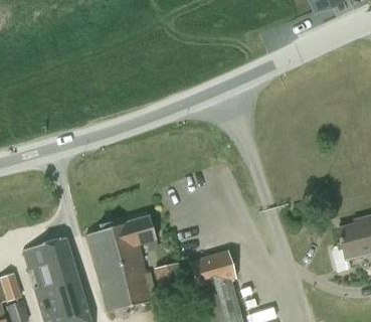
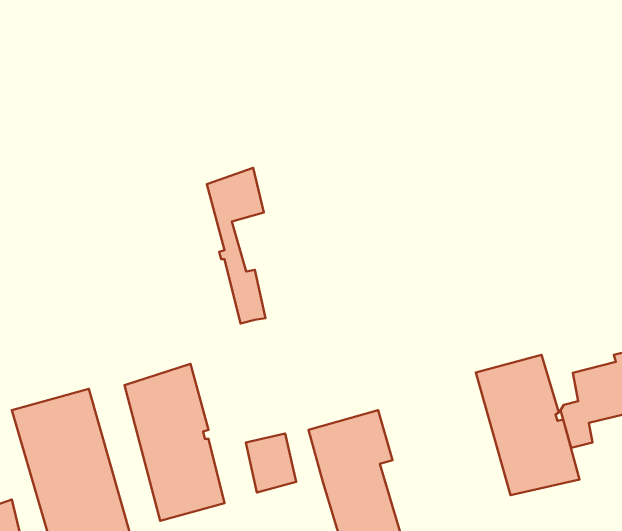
building: [124,214,157,302] -> [207,168,266,323]
building: none -> [476,355,580,495]

